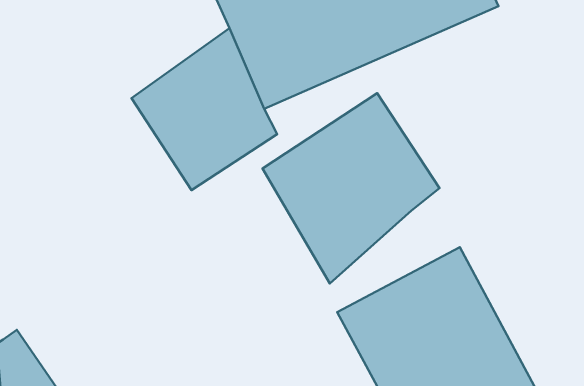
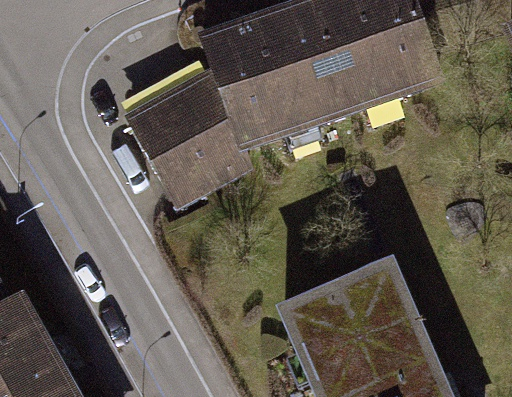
building: [262,93,439,283] -> none

